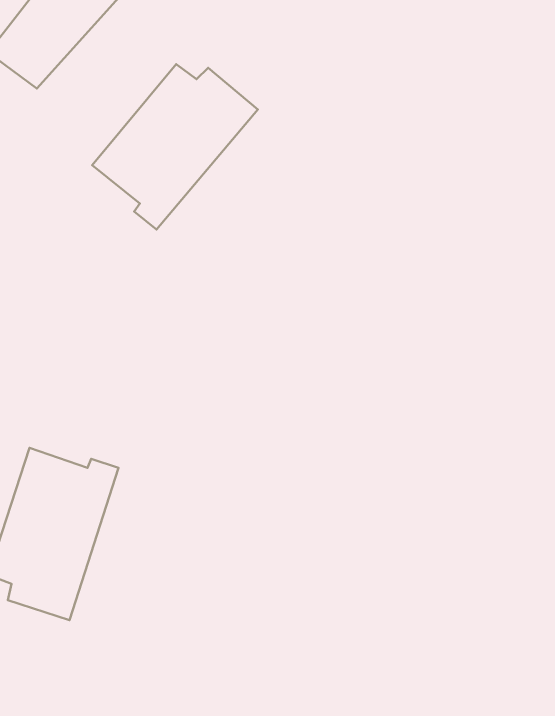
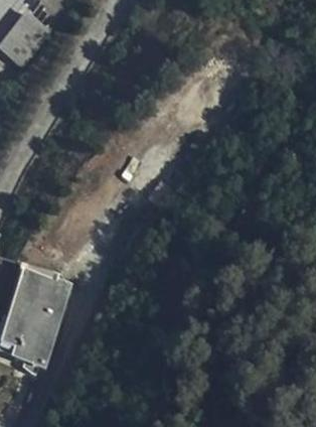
building: [92,64,258,230] -> none

